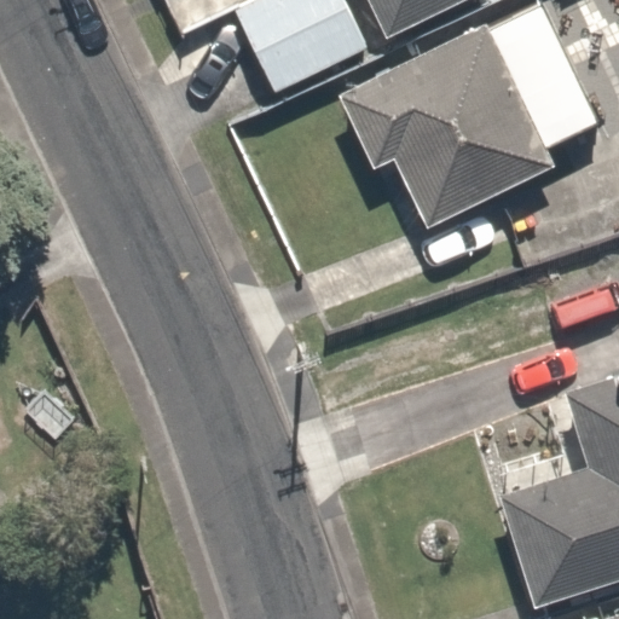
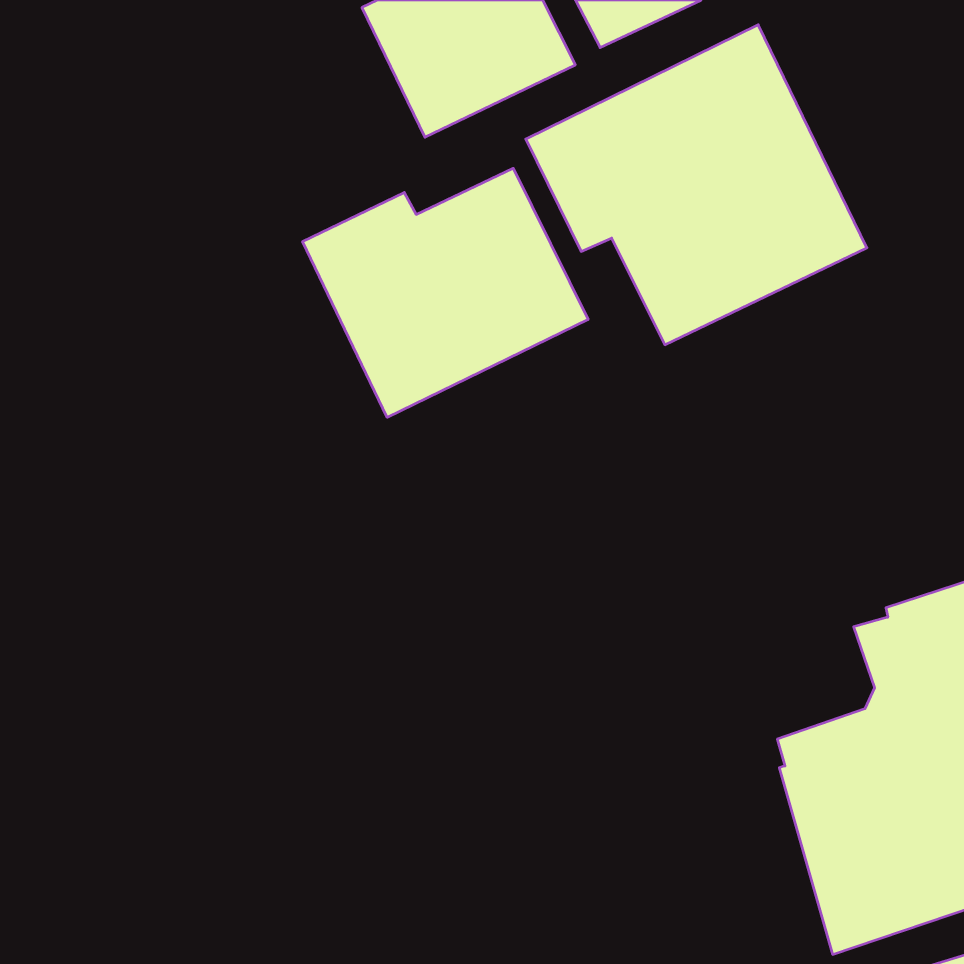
building: none -> [303,168,588,417]

